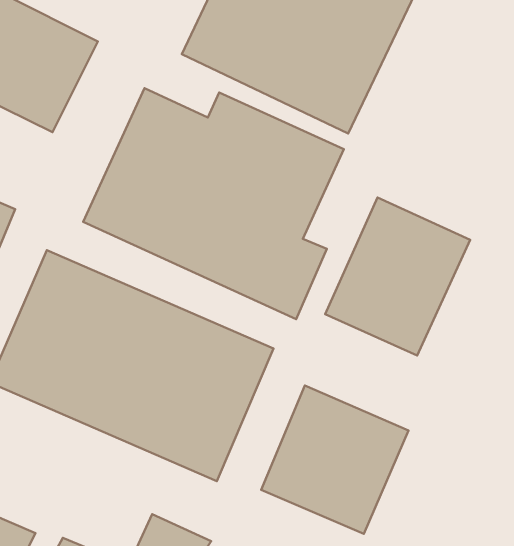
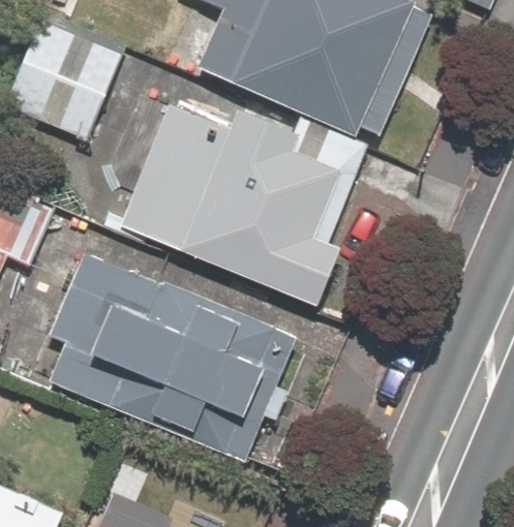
building: [325,198,470,356] -> none
building: [261,386,409,534] -> none

